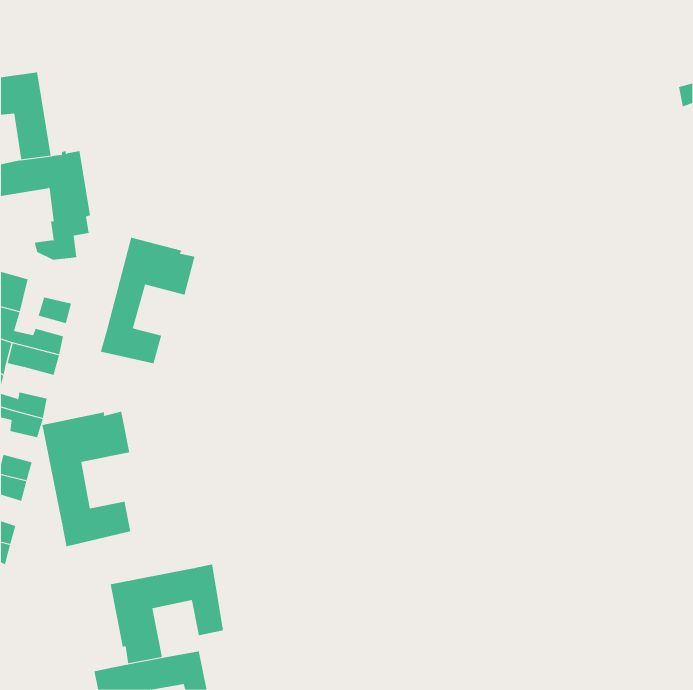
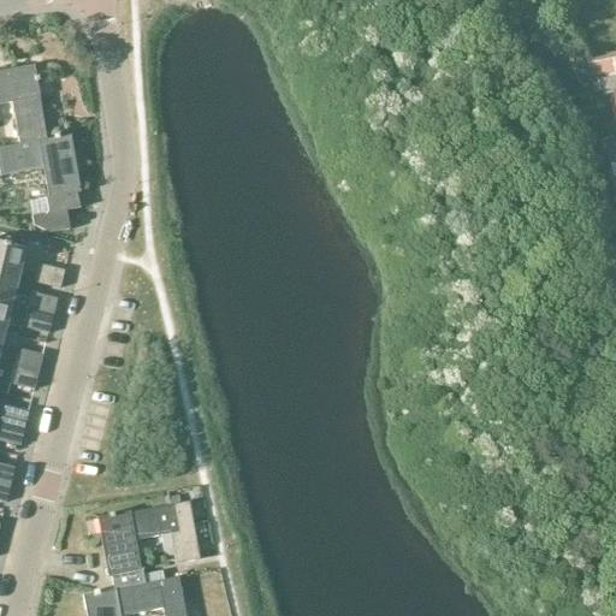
building: [100,237,195,364] -> none
building: [42,411,131,547] -> none

